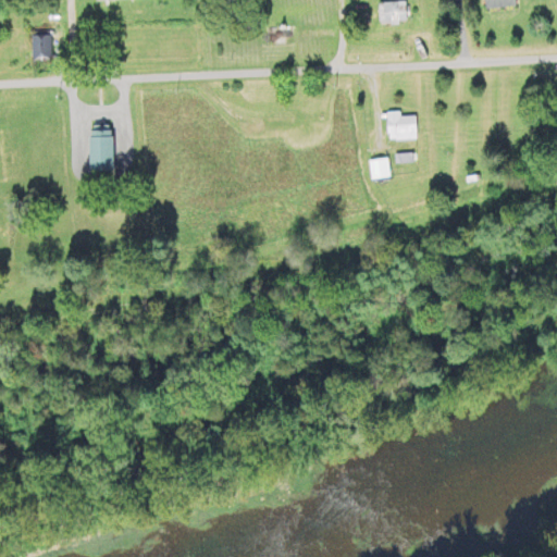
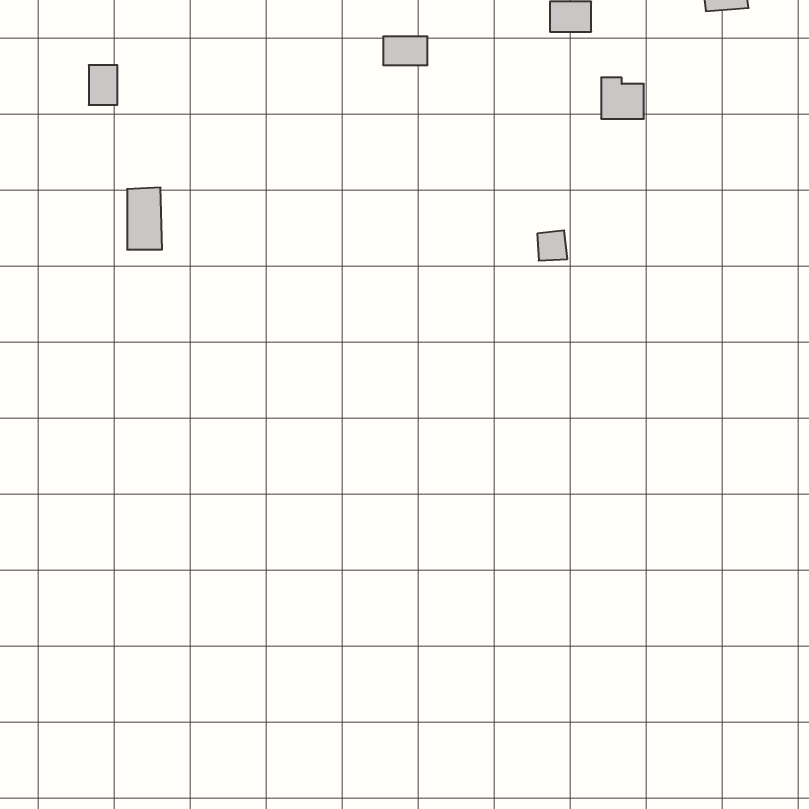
building: [32,33,51,60] -> [89,65,117,105]
building: [387,111,417,139] -> [601,78,644,119]

